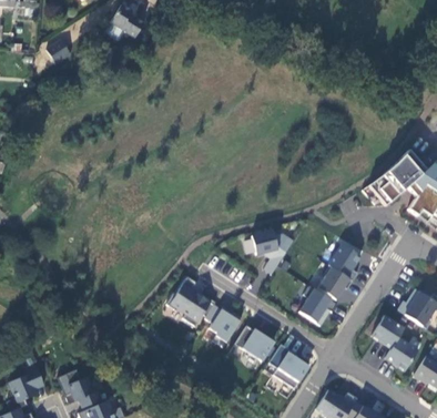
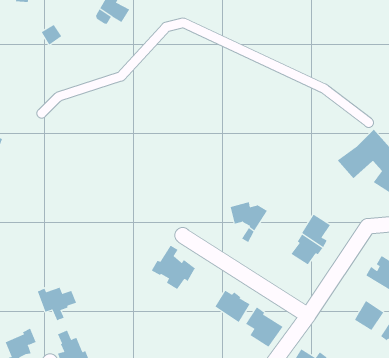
building: [299,286,337,326] -> none
building: [205,304,243,343] -> none
building: [372,315,405,348] -> none
building: none -> [37,287,77,321]

